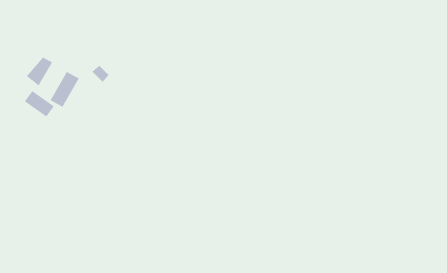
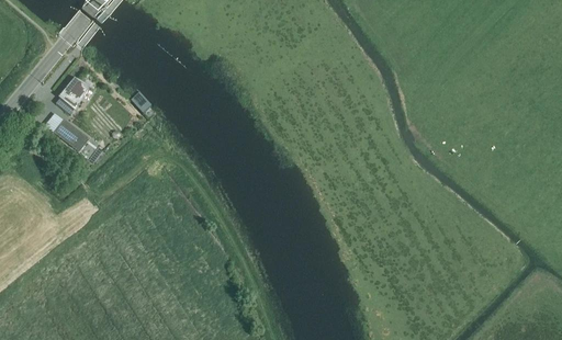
building: [49,71,80,108] -> none

